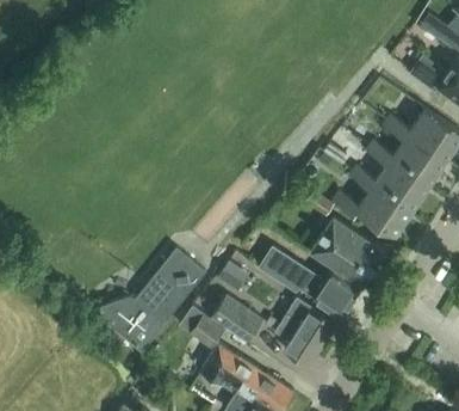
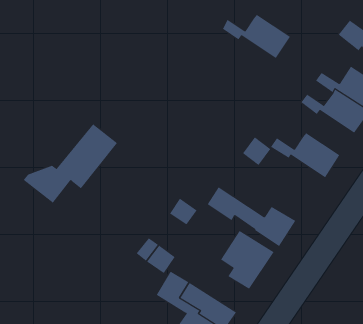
building: [349,160,428,211] -> [222,14,291,59]
building: [310,216,384,286] -> none
building: [95,249,204,341] -> [23,123,118,204]
building: [210,295,261,342] -> none

